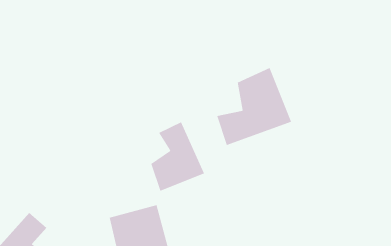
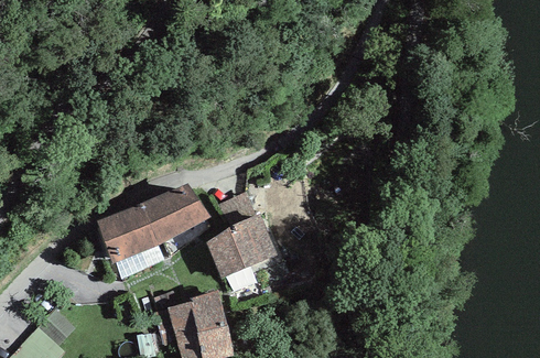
building: [216,67,292,146] -> none
building: none -> [100,184,213,265]

